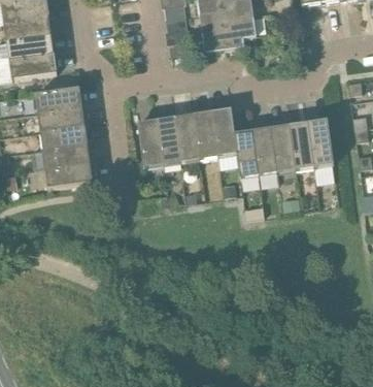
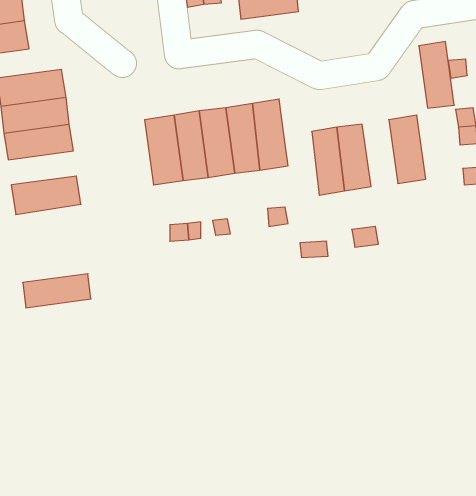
building: [289,122,313,168] -> [419,42,454,108]
building: [234,130,259,176] -> none
building: [42,143,90,167] -> [23,274,91,308]

